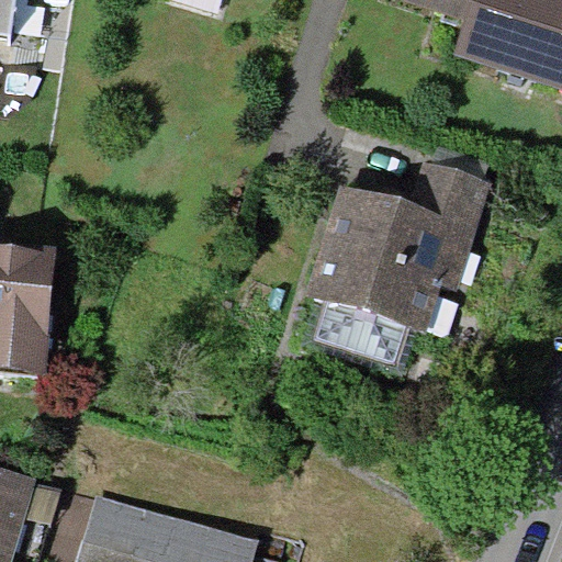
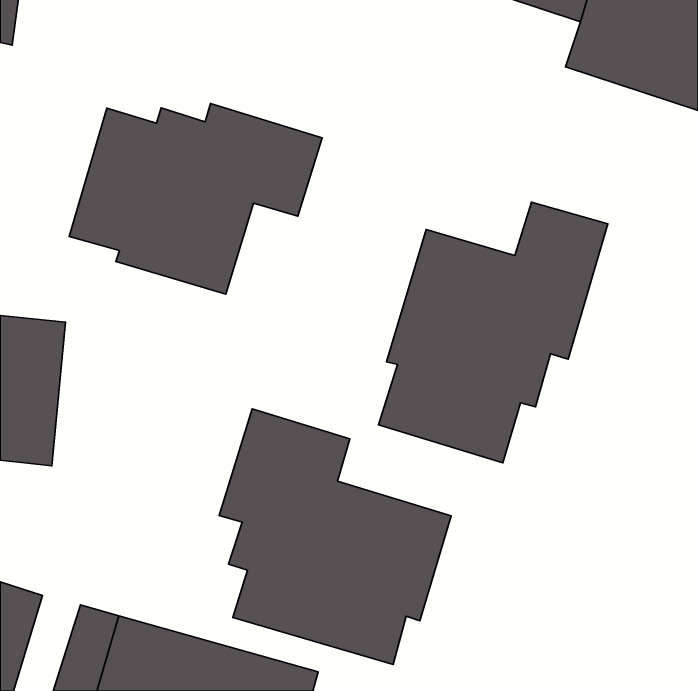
building: none -> [69,104,322,294]
building: none -> [219,409,451,665]

